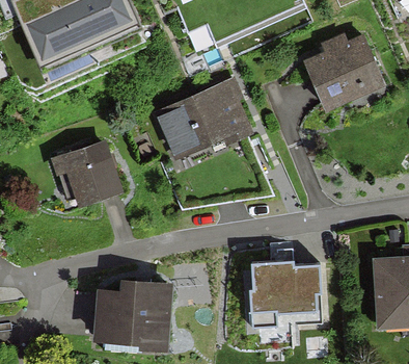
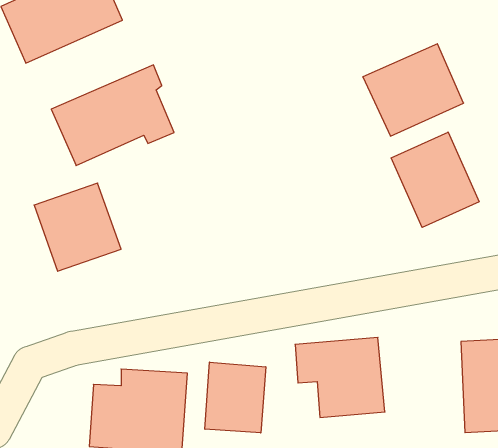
building: [157,84,249,160] -> [51,65,174,166]
building: none -> [391,132,479,227]
building: none -> [205,362,266,433]

